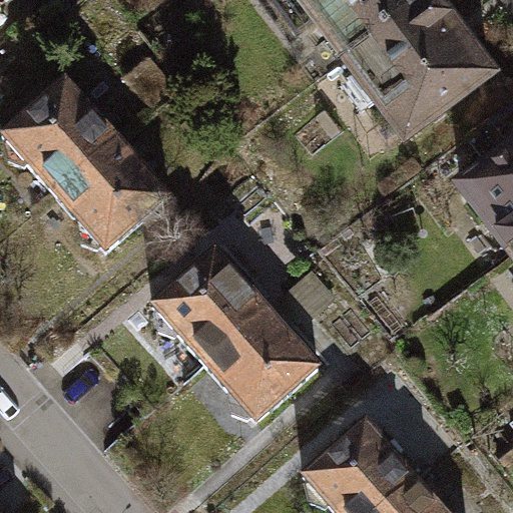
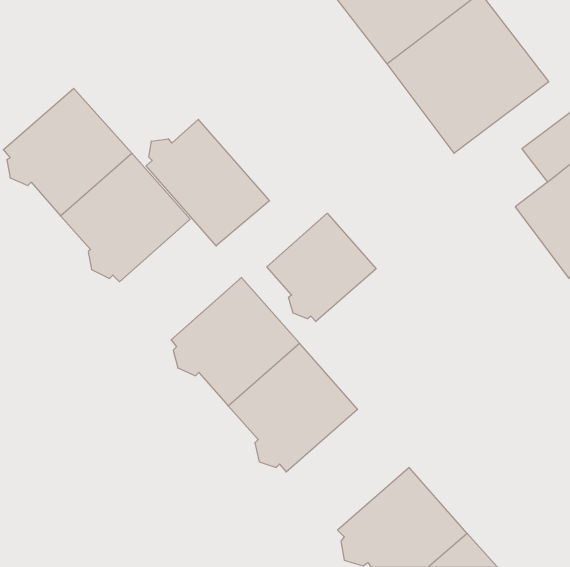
building: none -> [146,119,269,246]
building: none -> [267,213,376,322]

